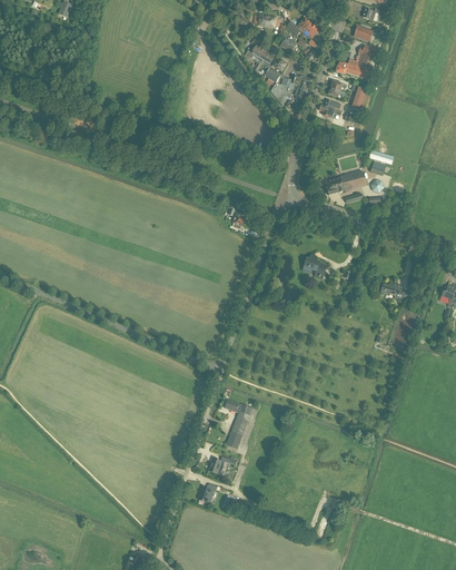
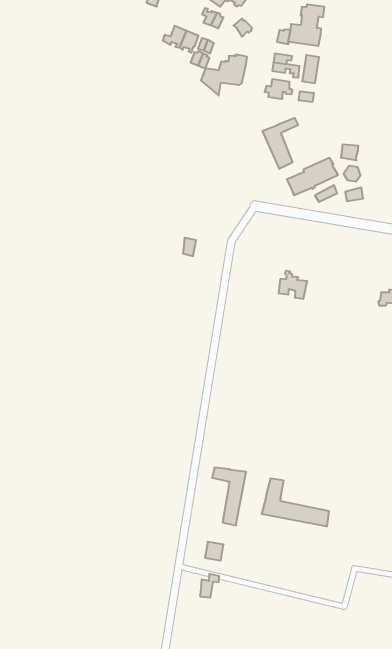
building: none -> [262,118,298,169]
building: none -> [262,478,329,527]

